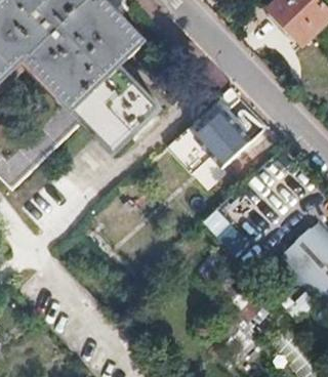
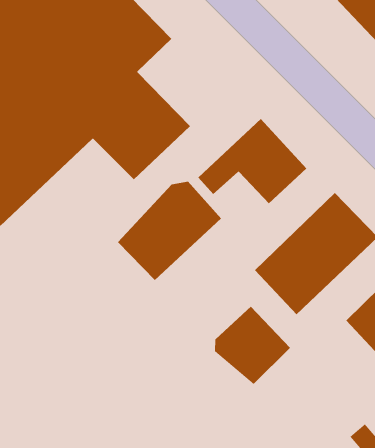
building: none -> [117,181,222,281]
building: none -> [215,306,291,385]

